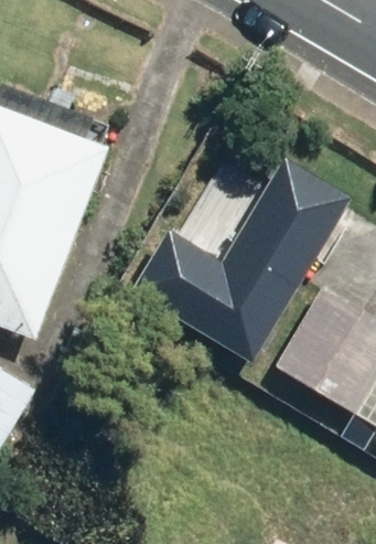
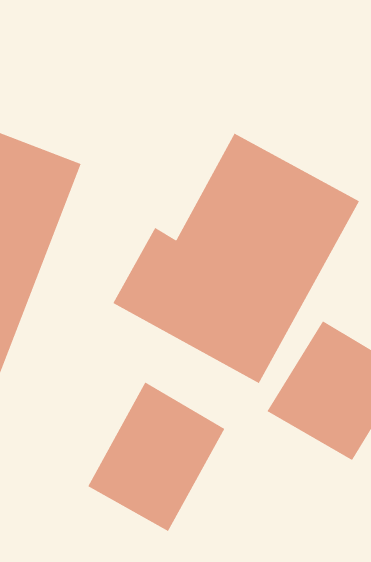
building: none -> [87,381,225,532]

